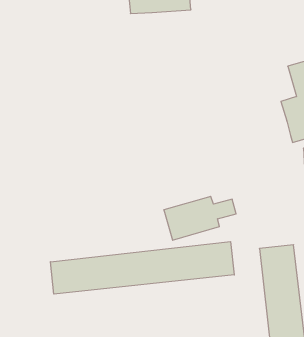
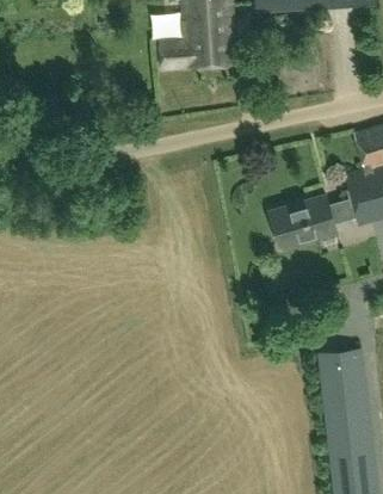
building: [164,196,236,240] -> [270,194,358,248]
building: [50,242,234,294] -> none

